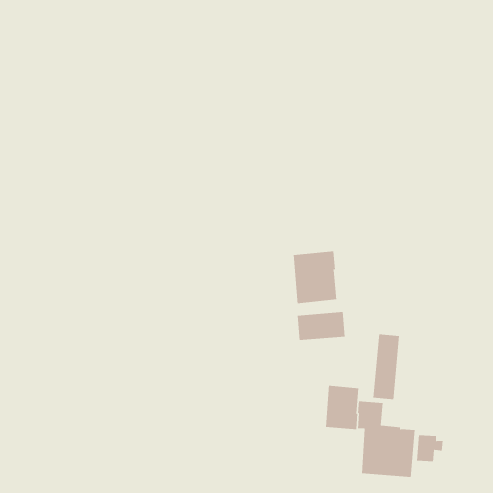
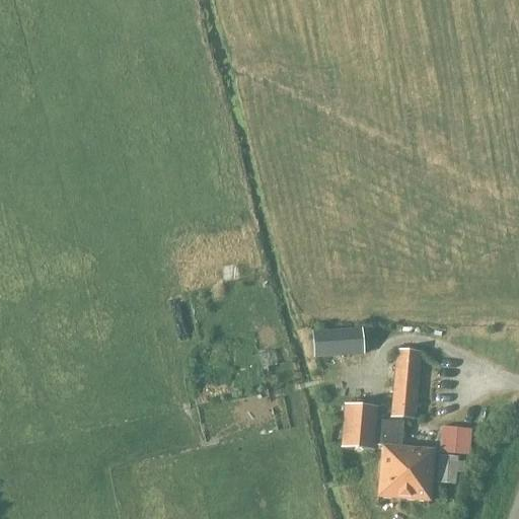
building: [293,250,337,304] -> none
building: none -> [441,425,472,454]

